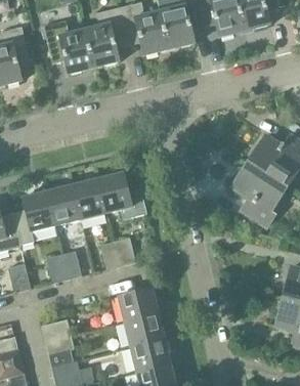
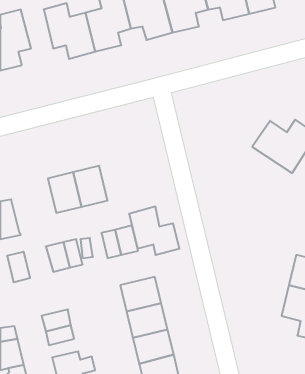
building: [230,161,286,226] -> none
building: [97,172,146,219] -> [129,207,179,255]
building: [11,191,55,245] -> none

